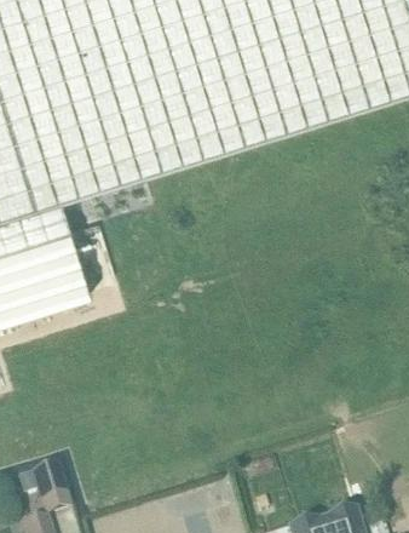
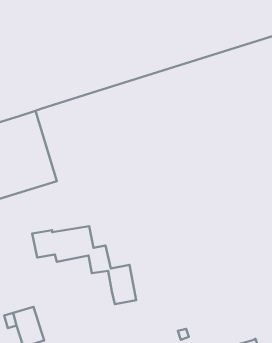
building: none -> [32,226,136,304]

